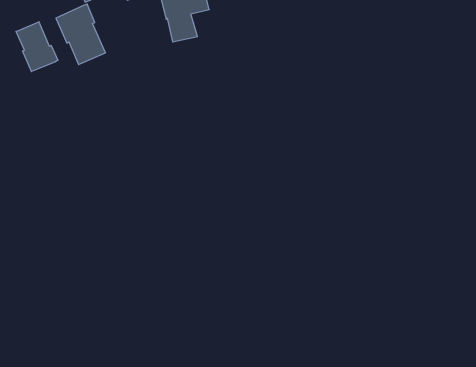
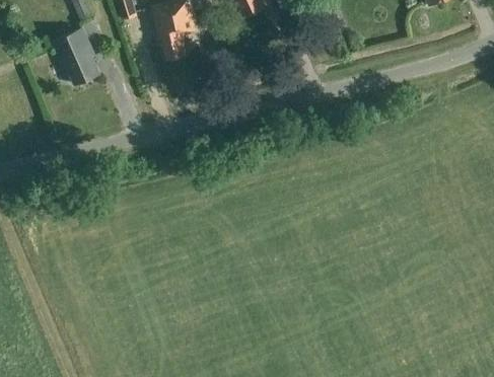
building: [16,22,58,72] -> none

